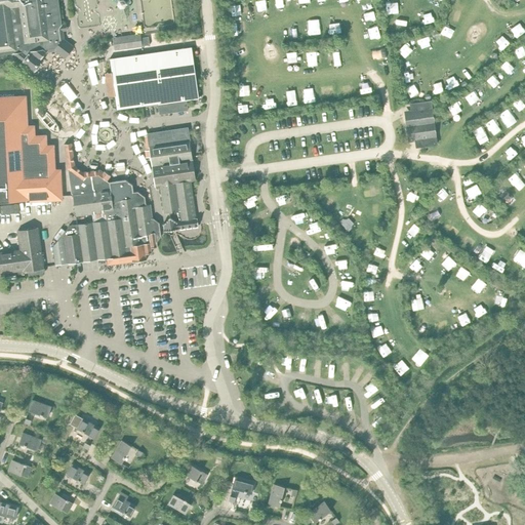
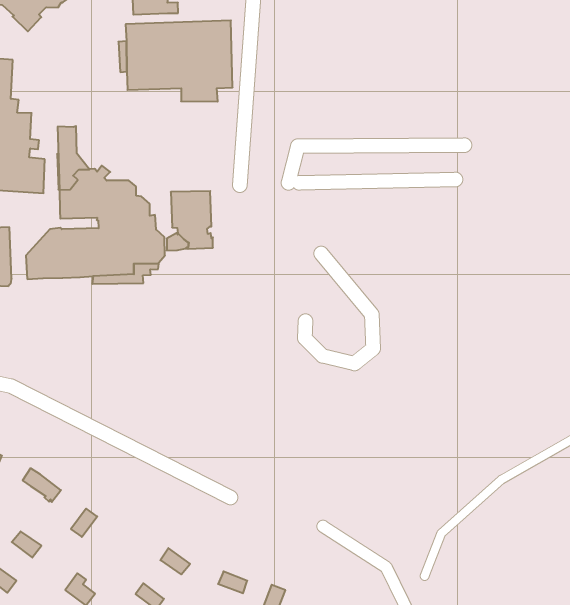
building: [405,103,436,148] -> none
building: [147,128,195,186] -> none

